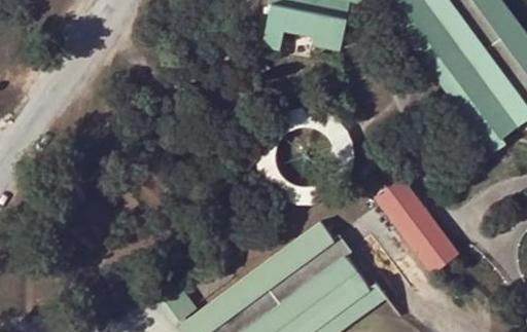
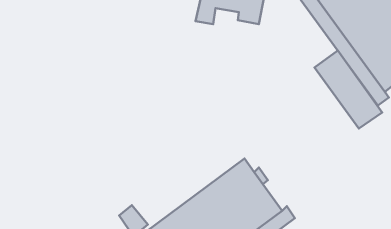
building: [374,172,460,271] -> [315,51,382,129]

